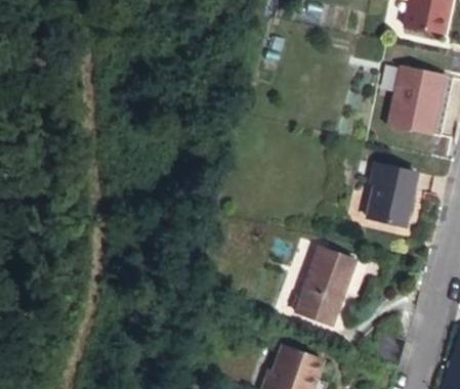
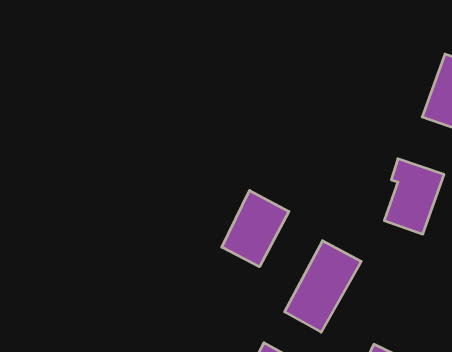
building: none -> [222,190,289,267]

